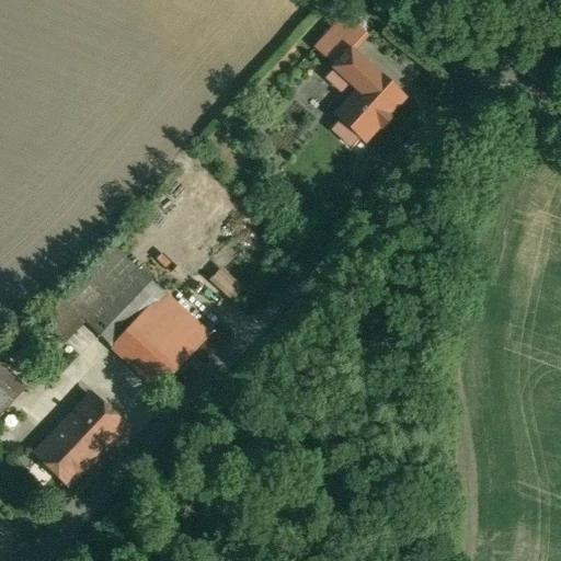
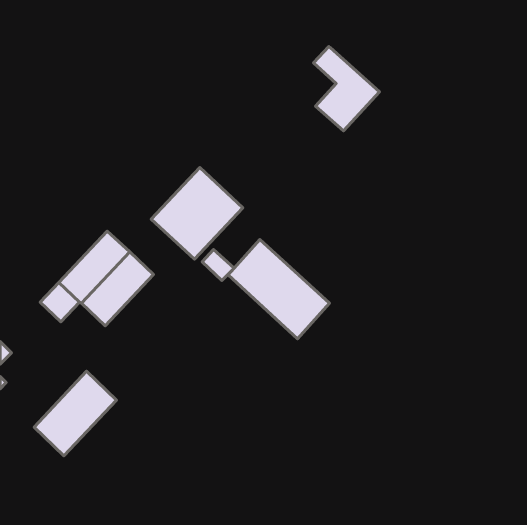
building: [314,14,366,67] -> none
building: none -> [228,239,330,339]
building: [112,291,209,389] -> [151,167,243,259]

